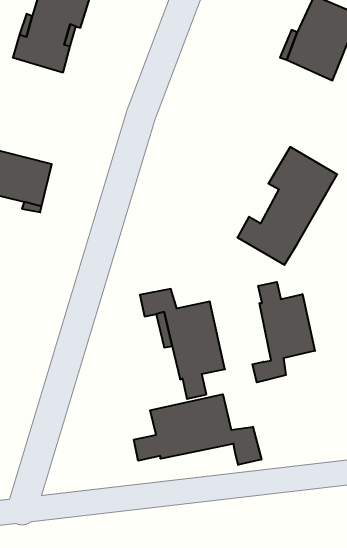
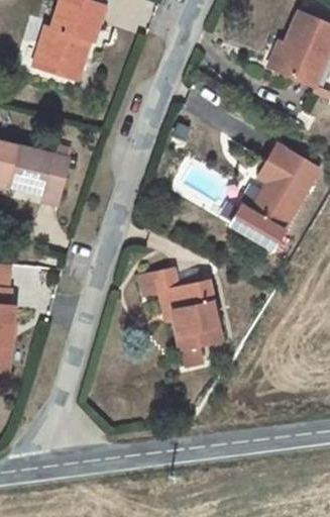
building: [252,282,315,382] -> none
building: [134,394,261,465] -> none

